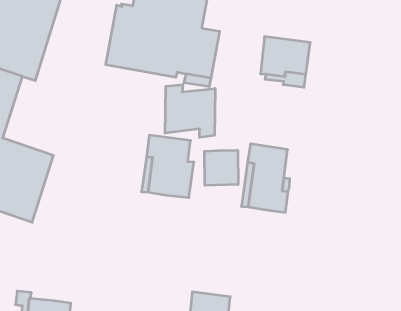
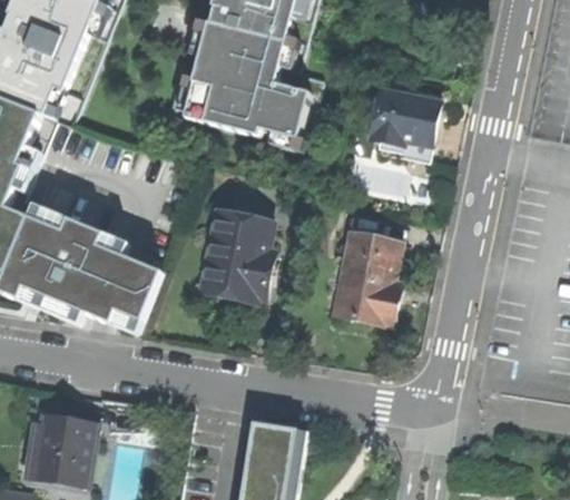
building: [165,85,215,137] -> none
building: [204,150,238,185] -> none
building: none -> [51,225,158,332]

